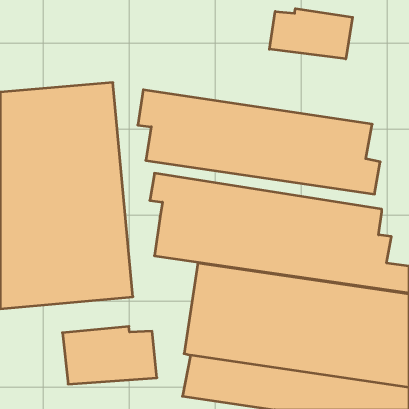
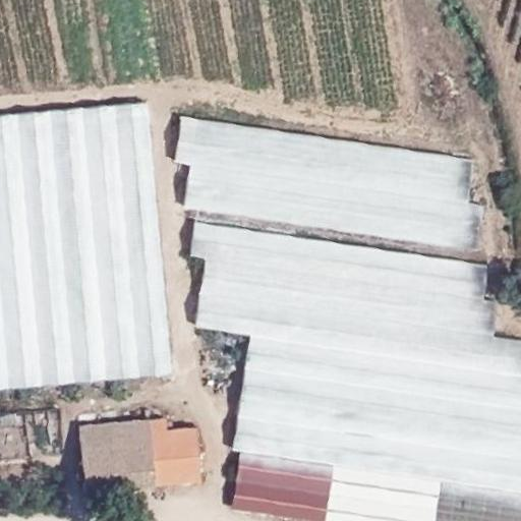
building: [269,9,353,59] -> none

